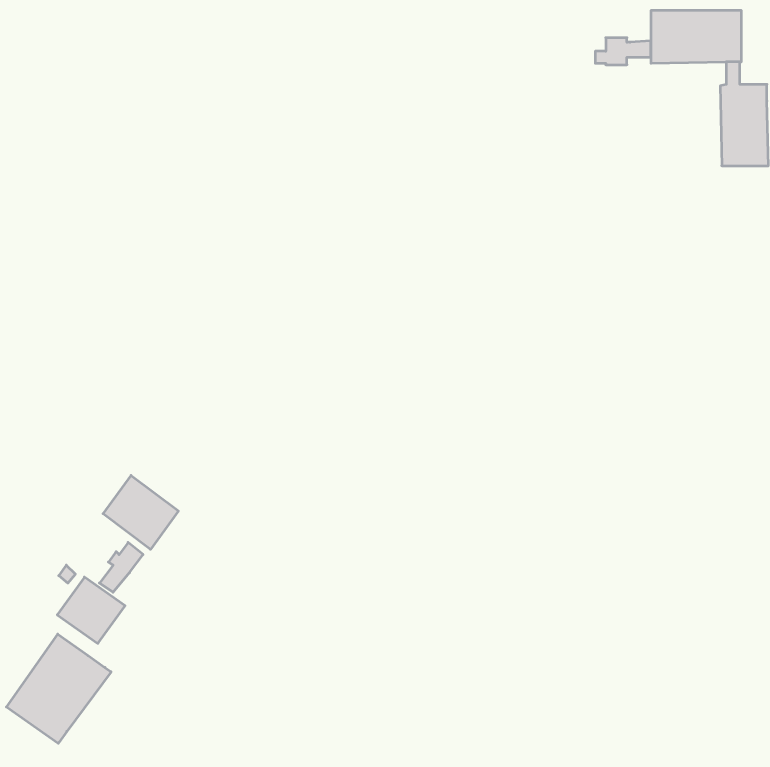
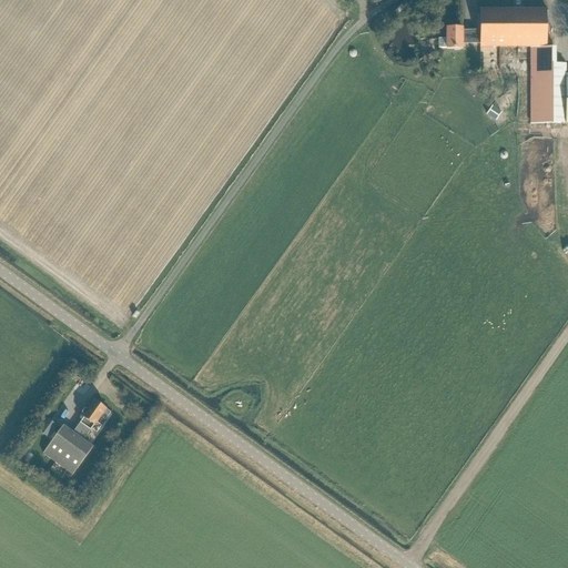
building: [103,475,178,549] -> none
building: [6,634,111,743] -> none

